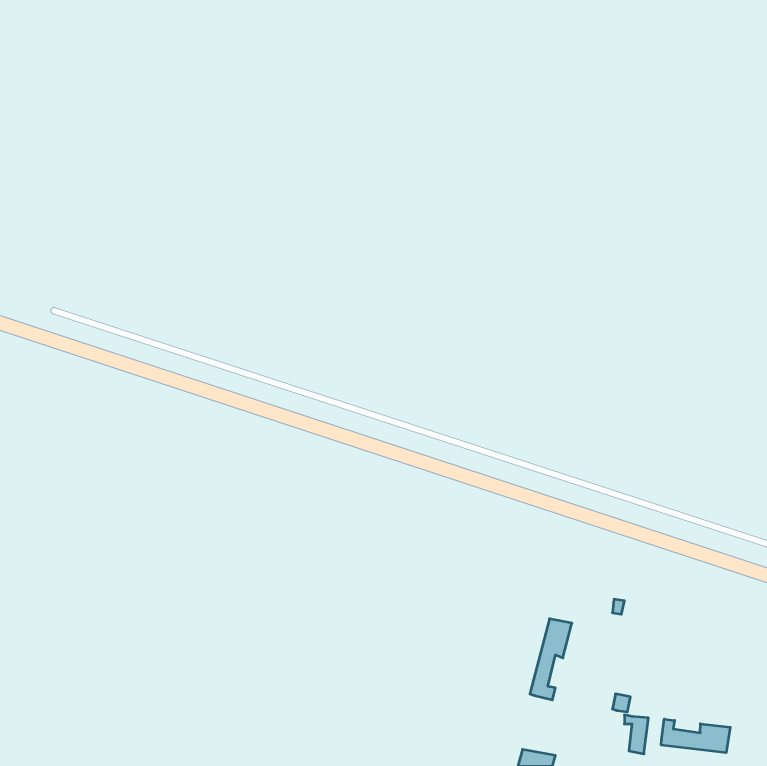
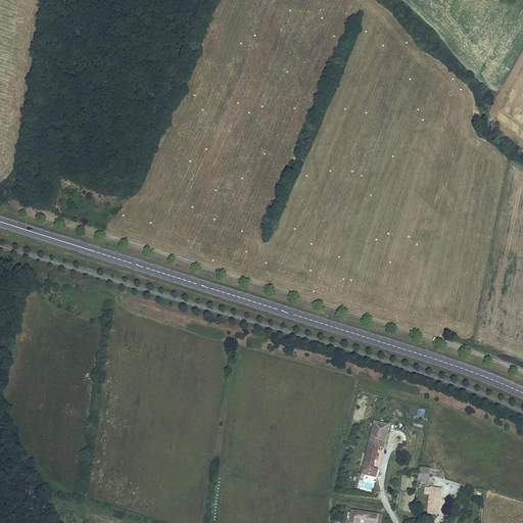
building: [661,719,730,753] -> none

